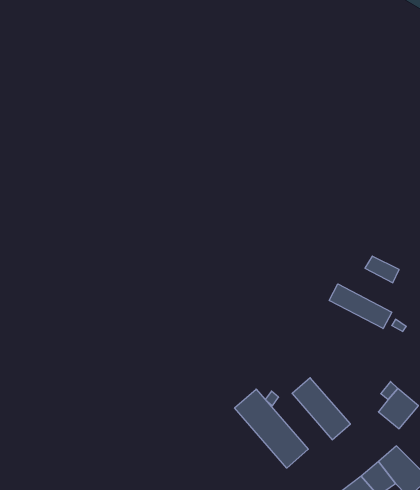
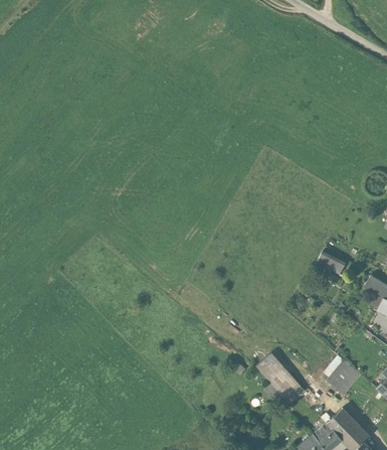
building: [329,284,392,329] -> none
building: [235,389,308,468] -> none

